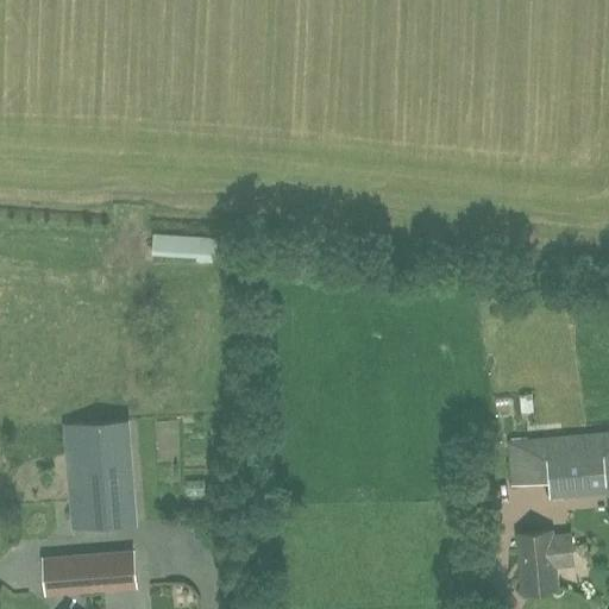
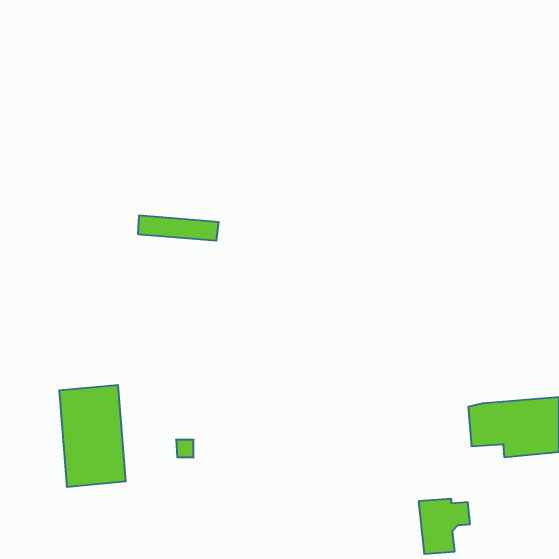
building: [516,532,572,591] -> [419,499,470,554]
building: [43,552,136,592] -> none

